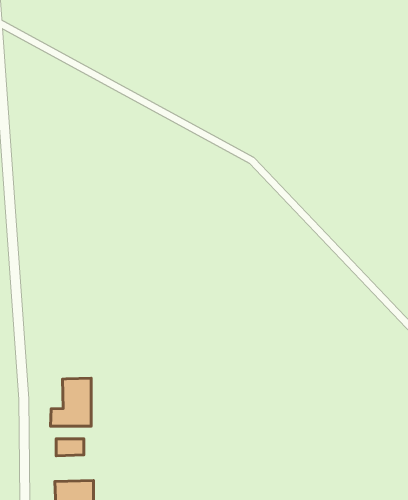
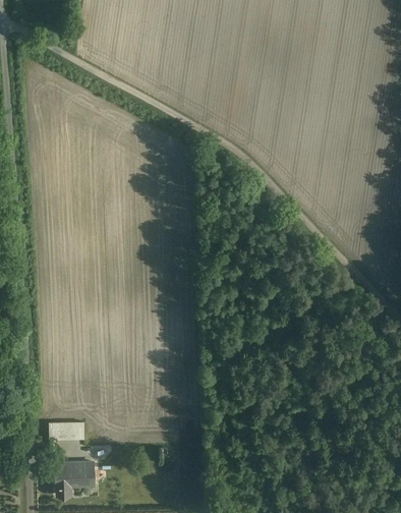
building: [50,378,91,426] -> none

